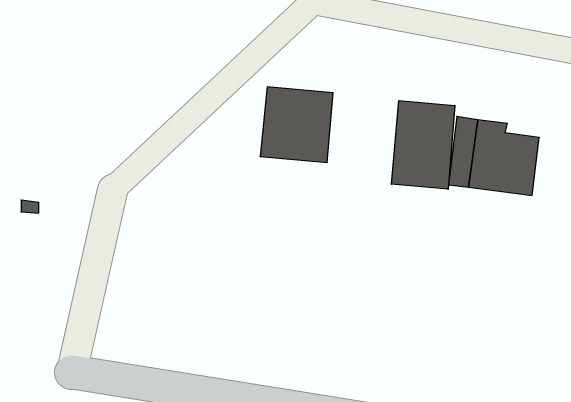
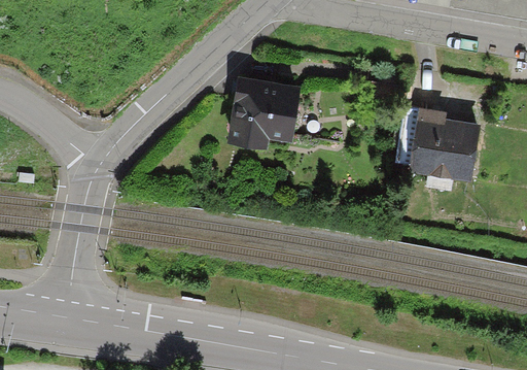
building: [391,101,455,189] -> none

